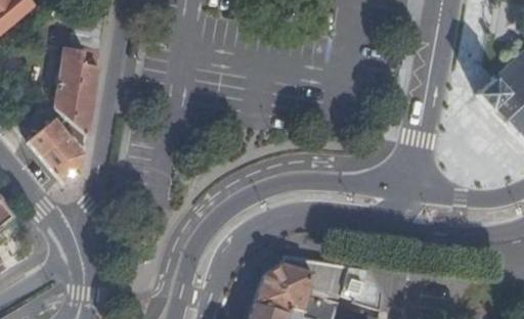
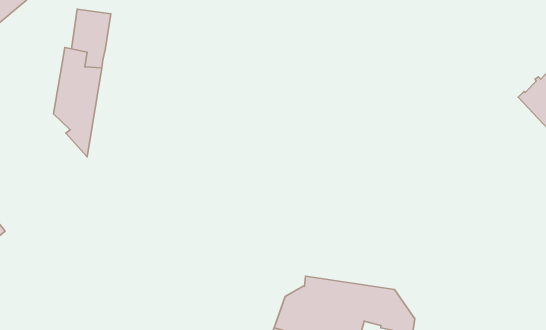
building: [28,119,84,184] -> none

